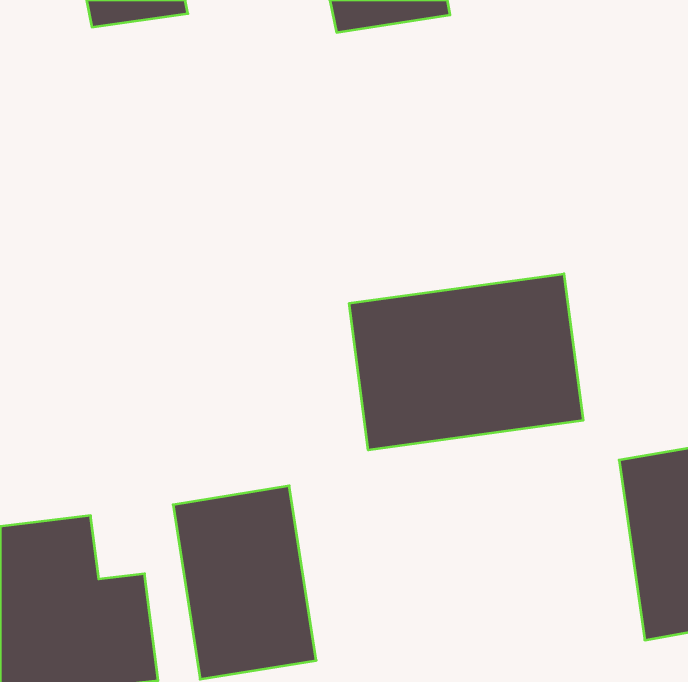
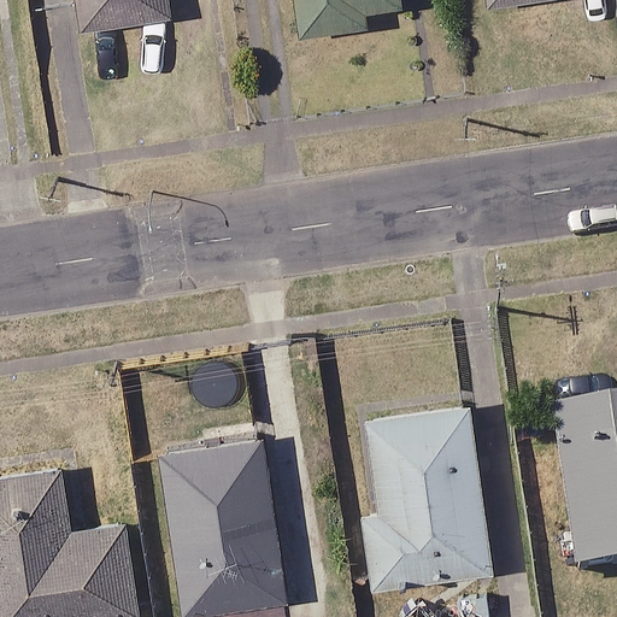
building: [349,274,583,450] -> none
building: none -> [349,407,492,589]

